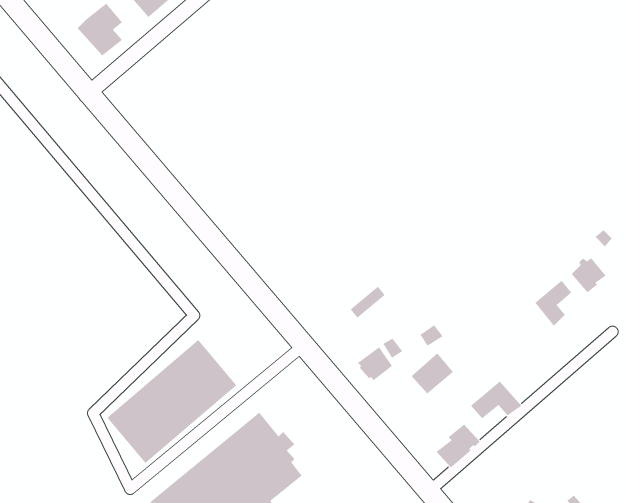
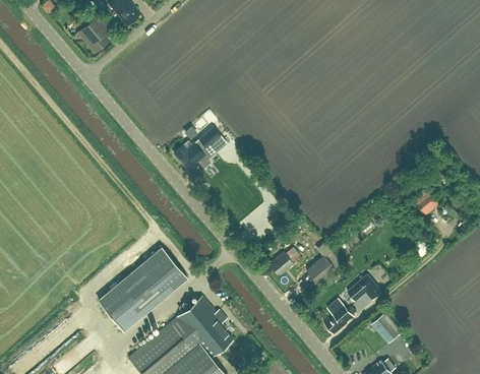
building: none -> [174,128,221,170]
building: [534,280,572,326] -> none
building: none -> [372,314,401,345]

